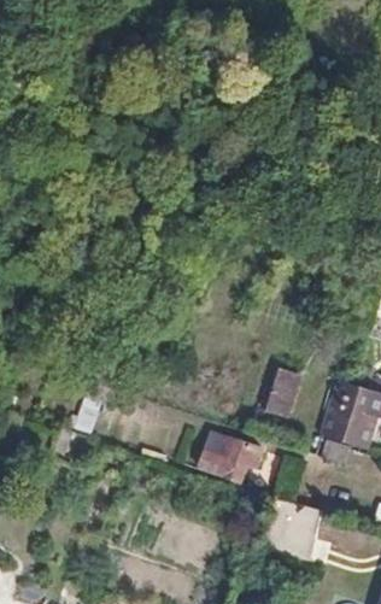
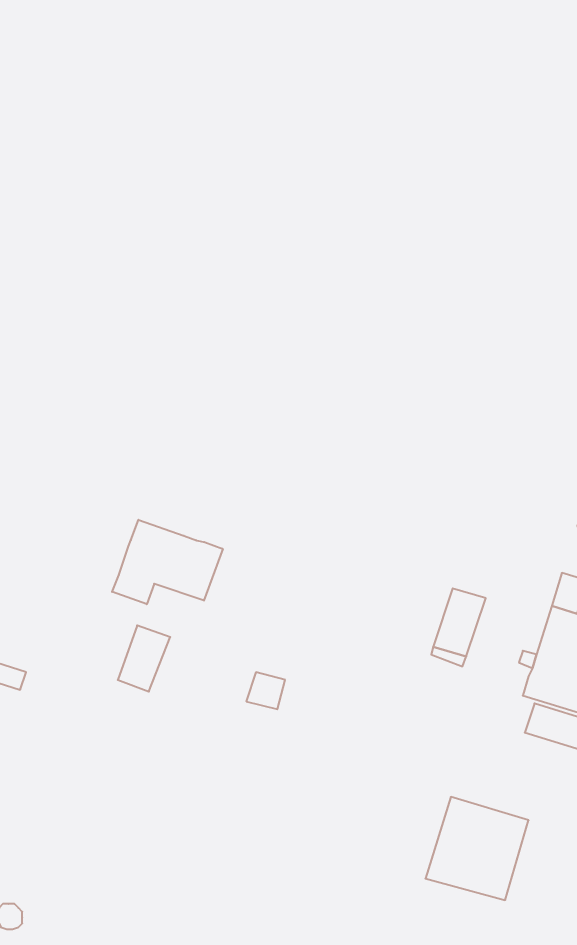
building: none -> [112,520,223,604]
building: [194,430,256,481] -> none

